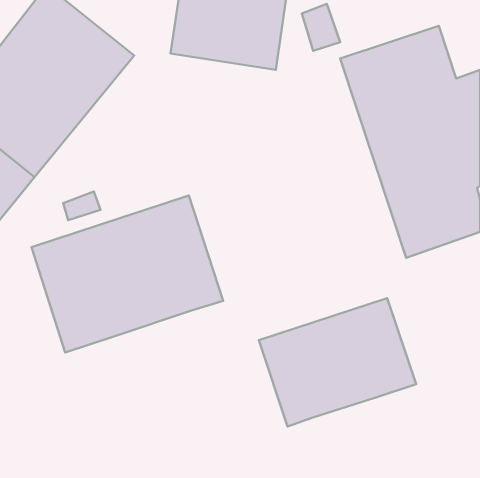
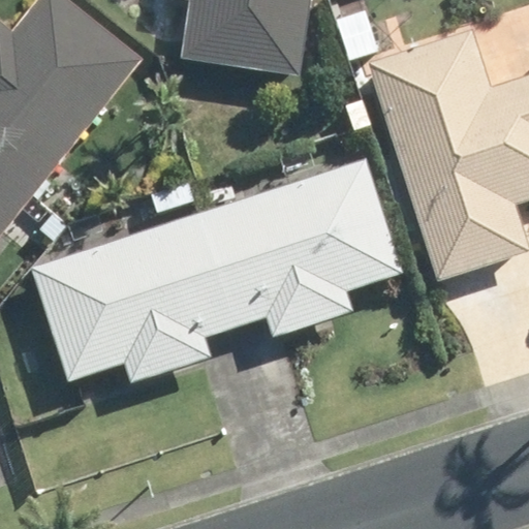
building: none -> [204,157,405,324]
building: [259,298,416,426] -> none

